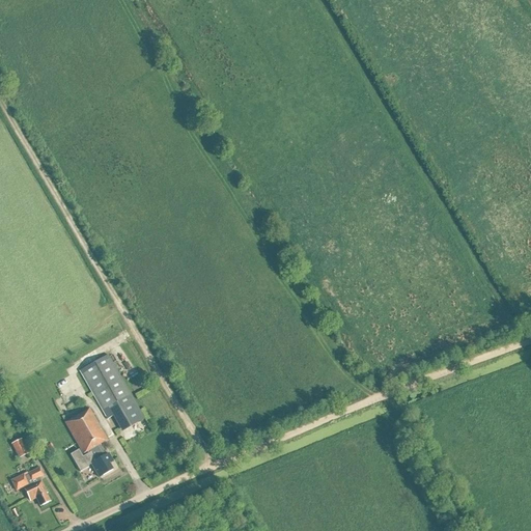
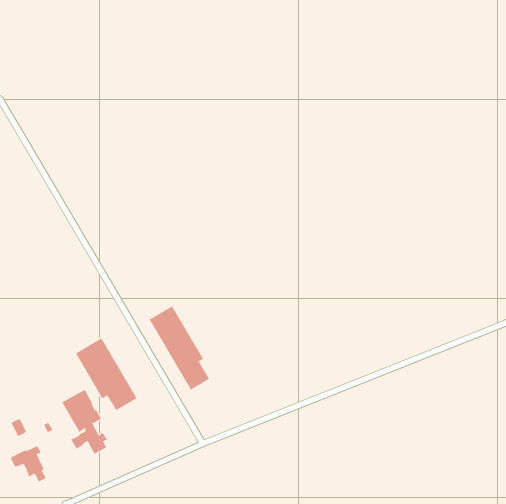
building: none -> [149,305,210,390]

